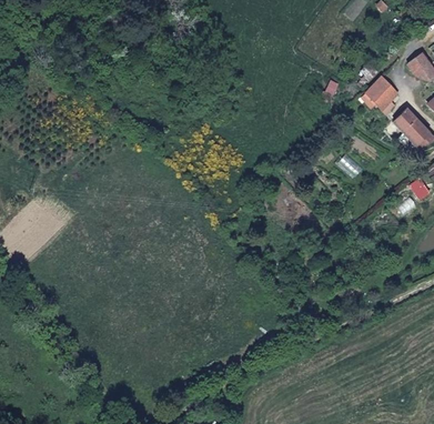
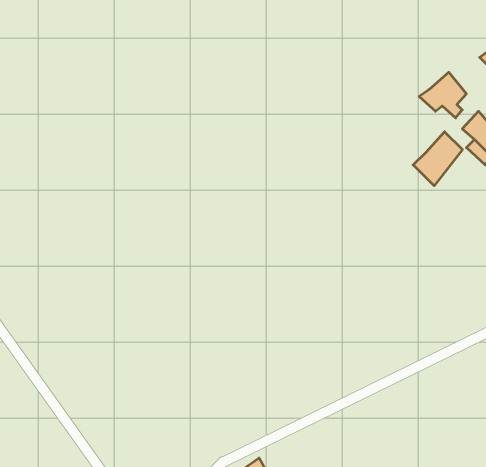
building: none -> [413,132,462,186]

